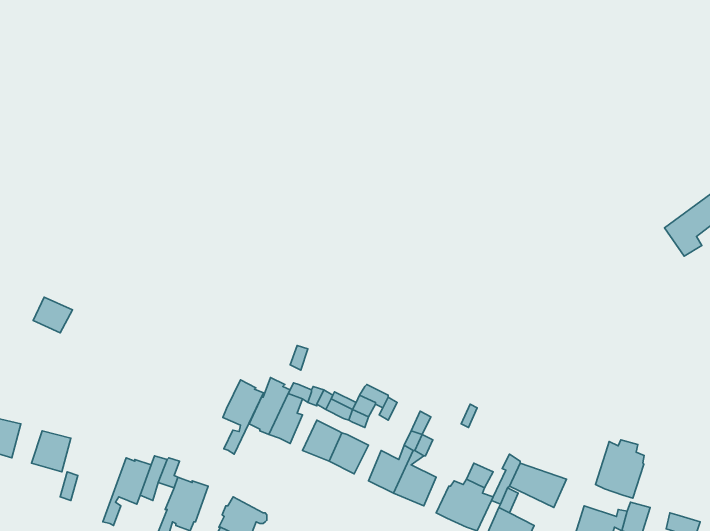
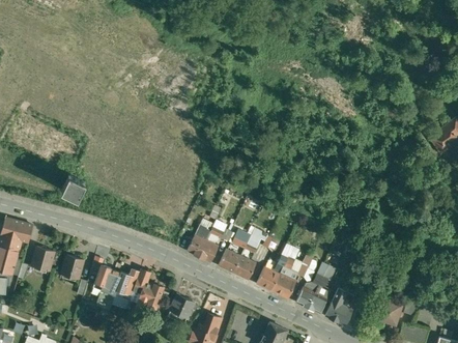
building: [223,380,264,454] -> none
building: [596,440,644,498] -> none
building: none -> [94,264,116,308]

